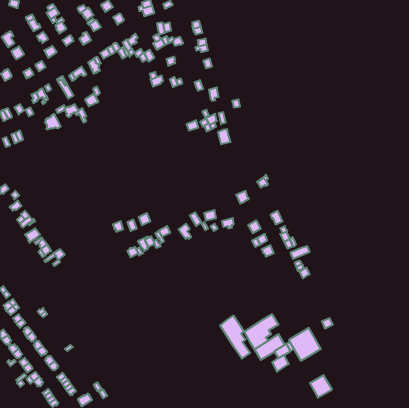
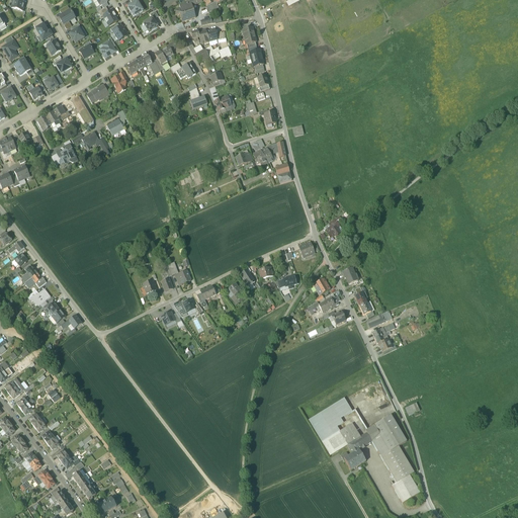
building: [220,316,250,359] -> none
building: none -> [380,445,414,482]

